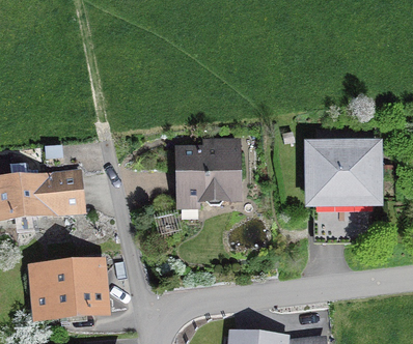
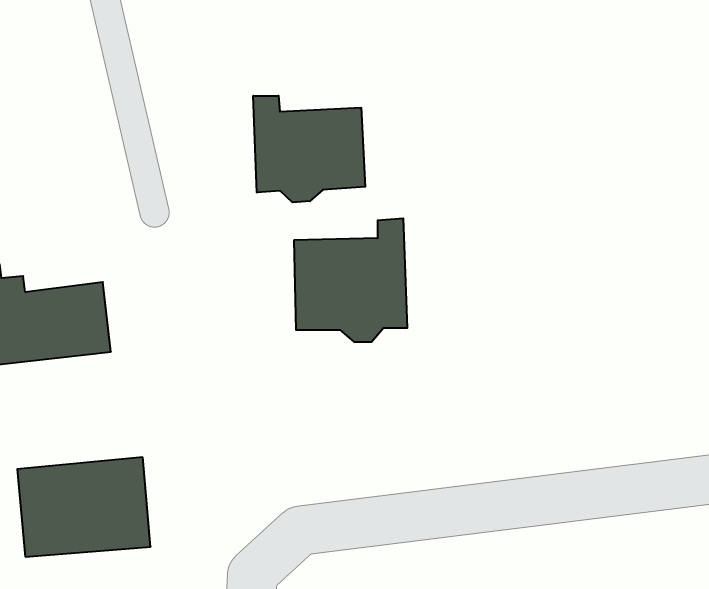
building: none -> [253,96,365,202]
building: [310,146,374,199] -> none

